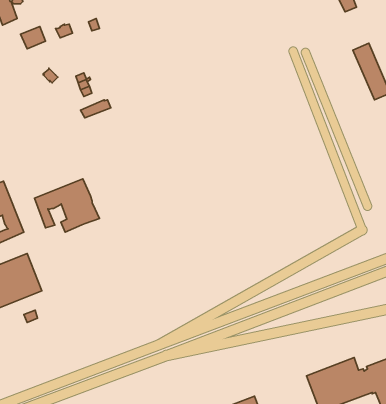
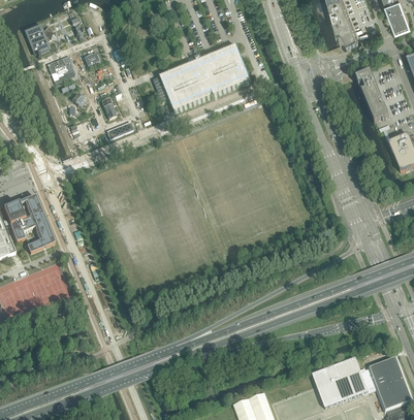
building: none -> [159,45,250,112]
building: [34,179,100,232] -> none

